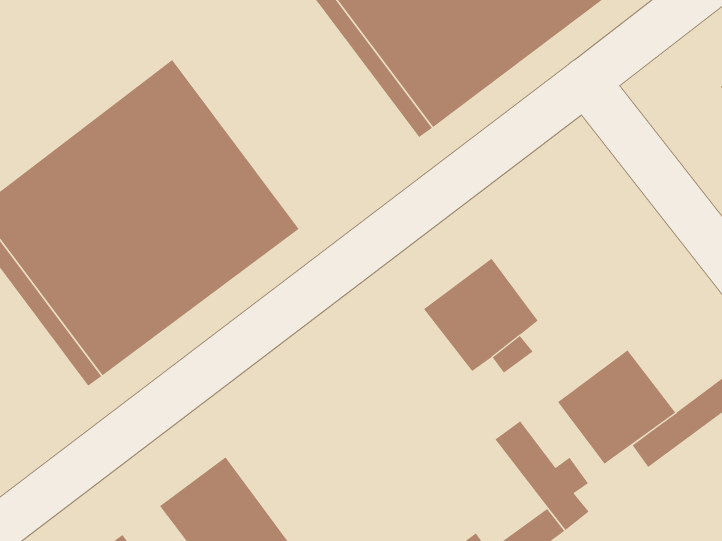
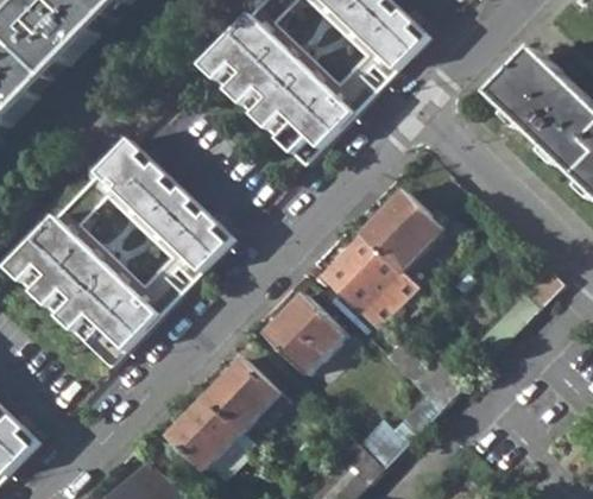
building: none -> [264,293,345,373]
building: [557,350,676,465] -> [361,191,442,271]
building: none -> [204,358,278,431]

